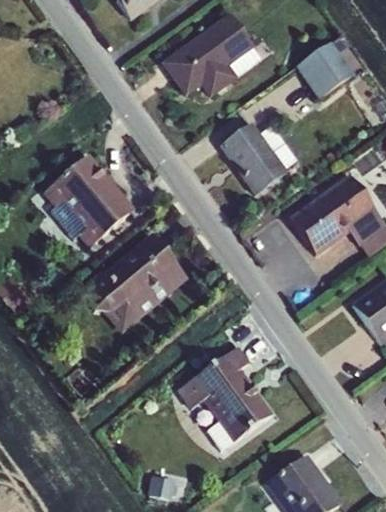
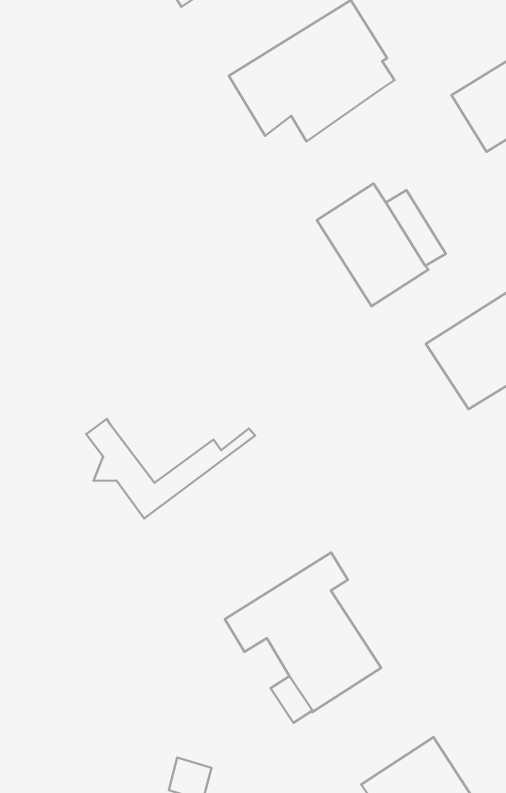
building: [42,155,135,248] -> none
building: [101,234,185,310] -> none

